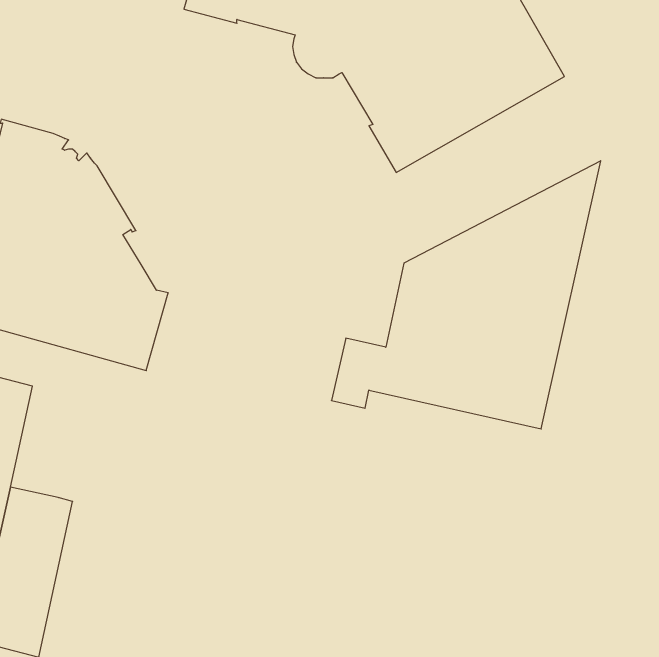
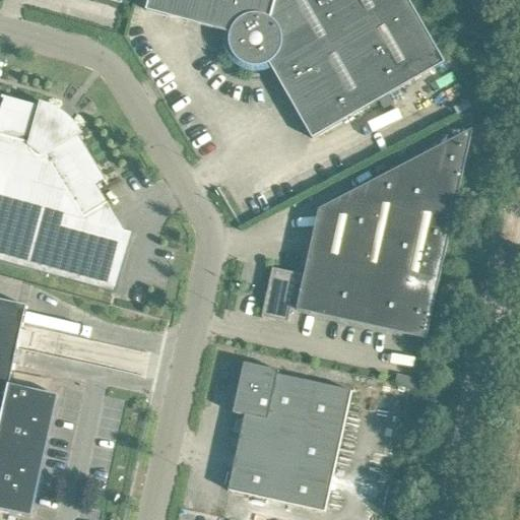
building: none -> [226,360,350,509]

